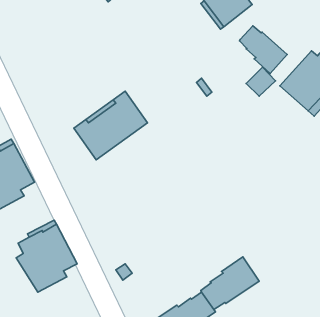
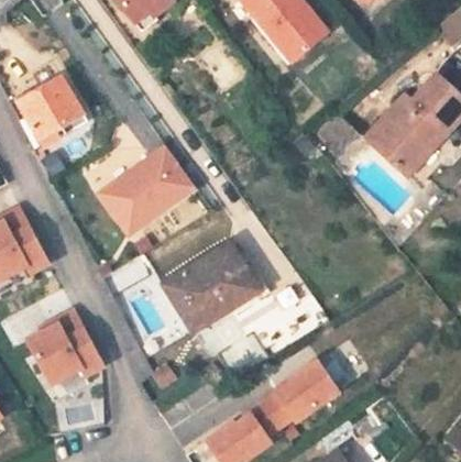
building: [239,26,287,73] -> none
building: none -> [19,77,83,147]
building: none -> [164,241,261,330]

